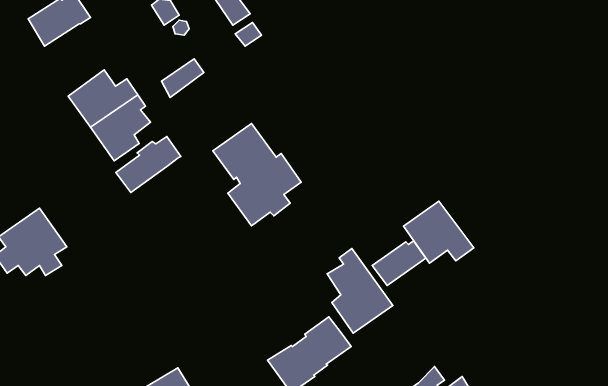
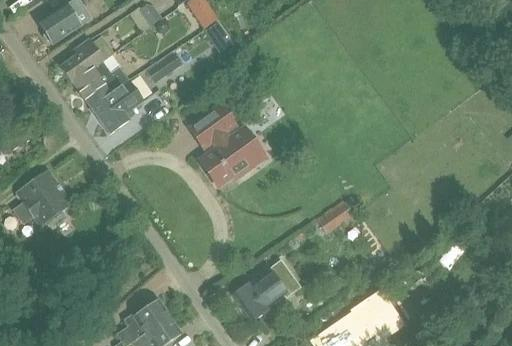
building: [116,137,181,193] -> [60,37,112,82]
building: [403,201,474,263] -> none
building: [327,248,393,333] -> none

